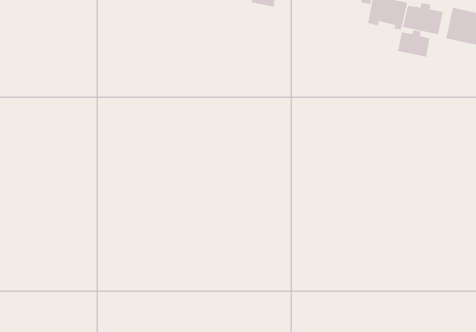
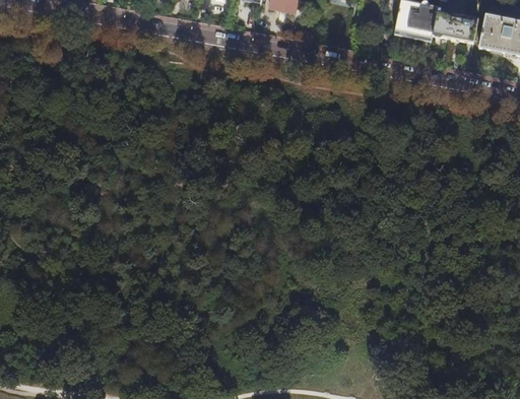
building: [398,29,430,57] -> none

